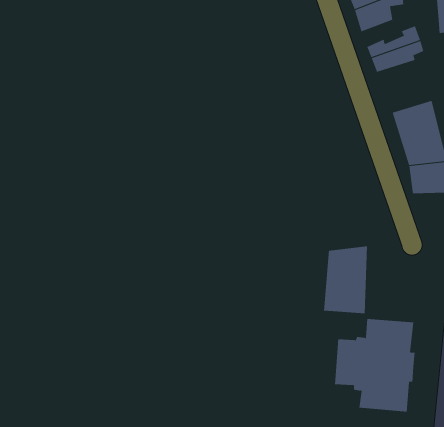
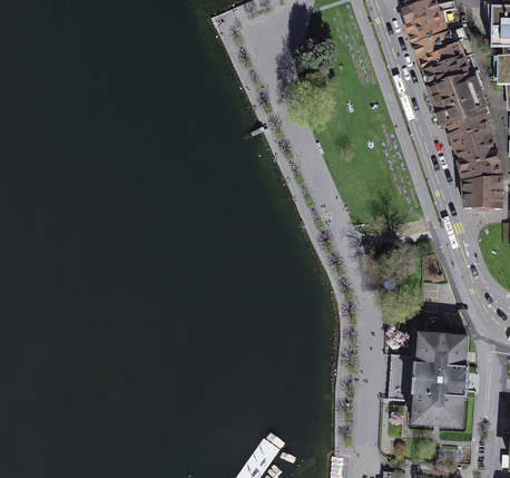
building: none -> [413,31,468,61]
building: none -> [429,74,488,127]
building: [324,245,367,314] -> none

